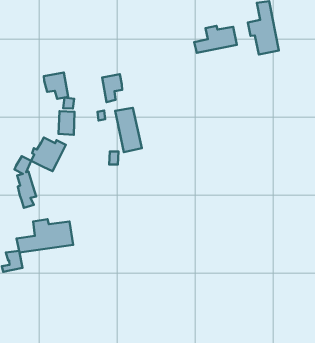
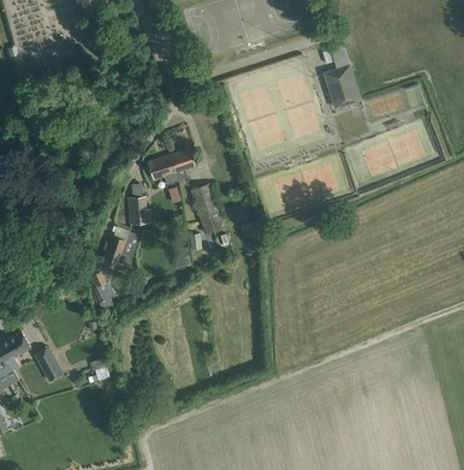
building: [194,26,237,53] -> none
building: [44,72,68,99] -> [149,155,179,185]
building: [17,219,73,252] -> none

